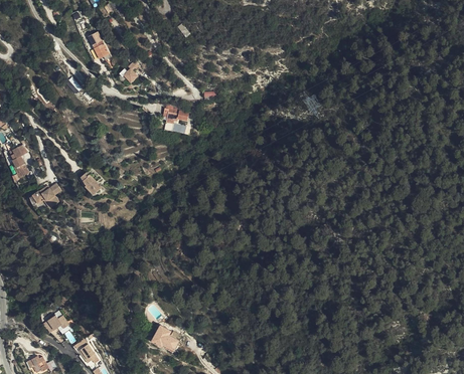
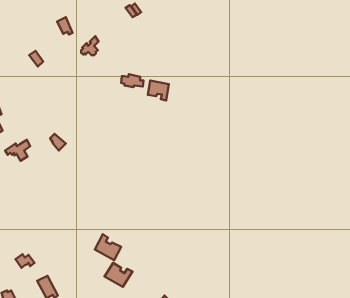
building: none -> [148,80,169,100]
building: none -> [95,234,121,260]

